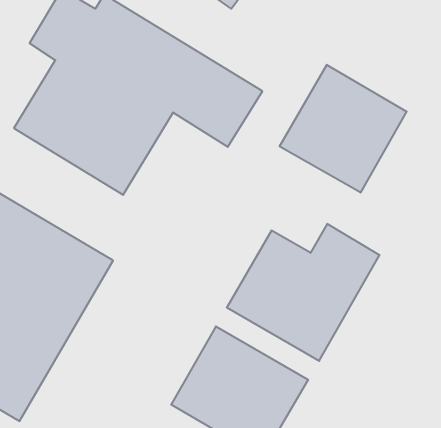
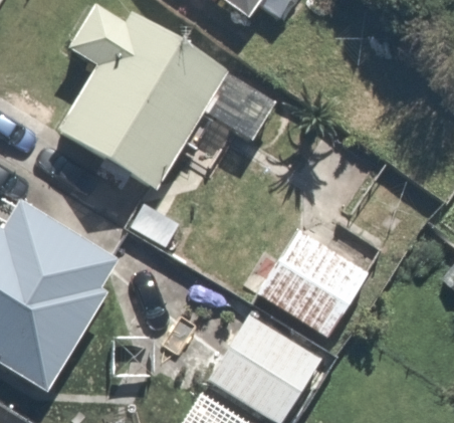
building: [280,65,407,193] -> none

